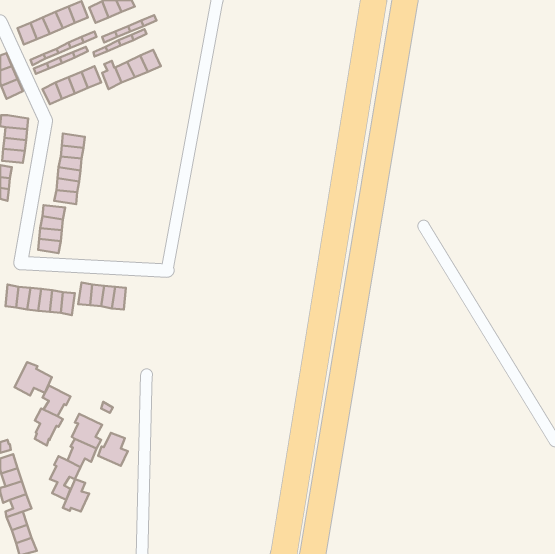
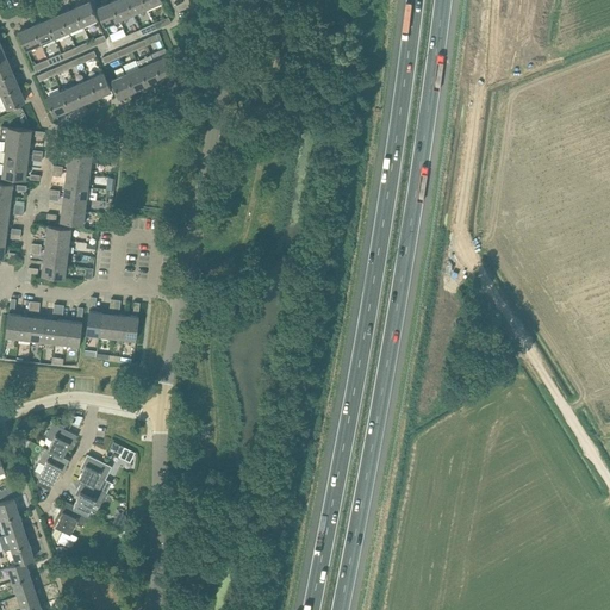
building: [15,362,52,396] -> none
building: [98,433,128,466] -> none
building: [63,479,89,512] -> none

